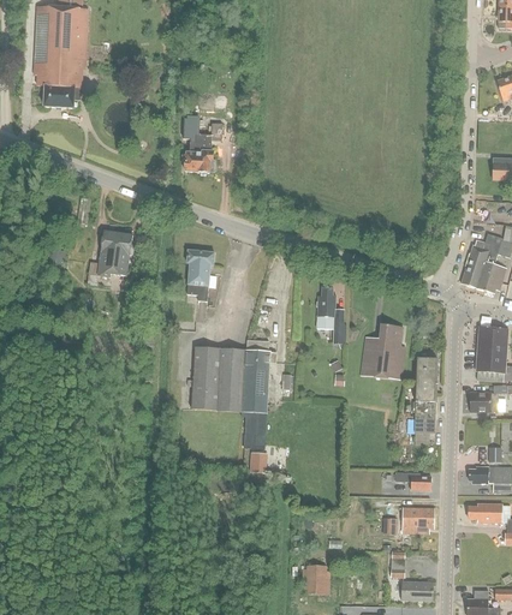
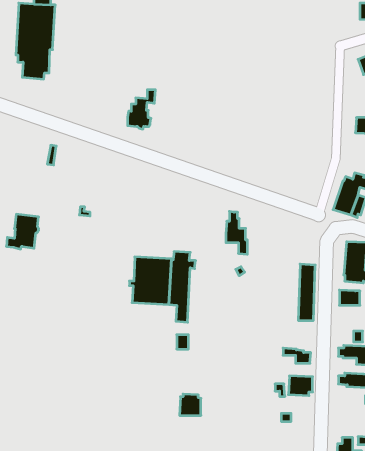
building: [89,229,132,276] -> [6,214,39,249]
building: [187,249,215,299] -> none
building: [362,323,405,377] -> none
building: [302,563,331,592] -> [180,394,201,415]
building: [401,580,434,599] -> none

